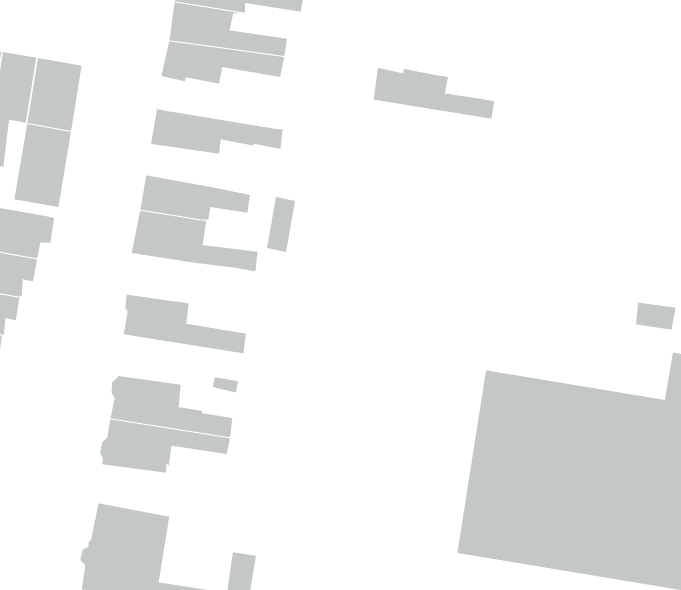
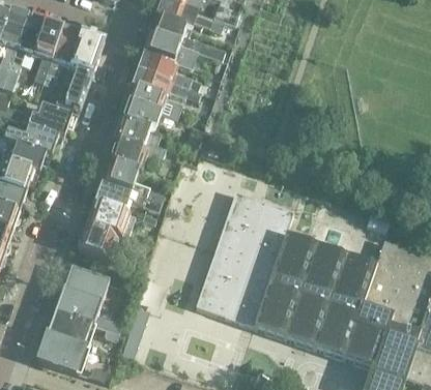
building: [373,67,495,119] -> [137,54,200,91]
building: none -> [125,88,189,125]
building: none -> [105,143,163,174]
building: none -> [195,192,292,327]
building: none -> [92,184,161,215]

